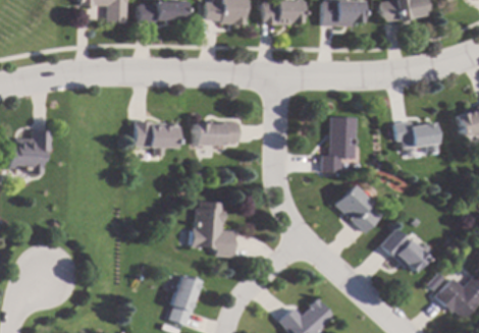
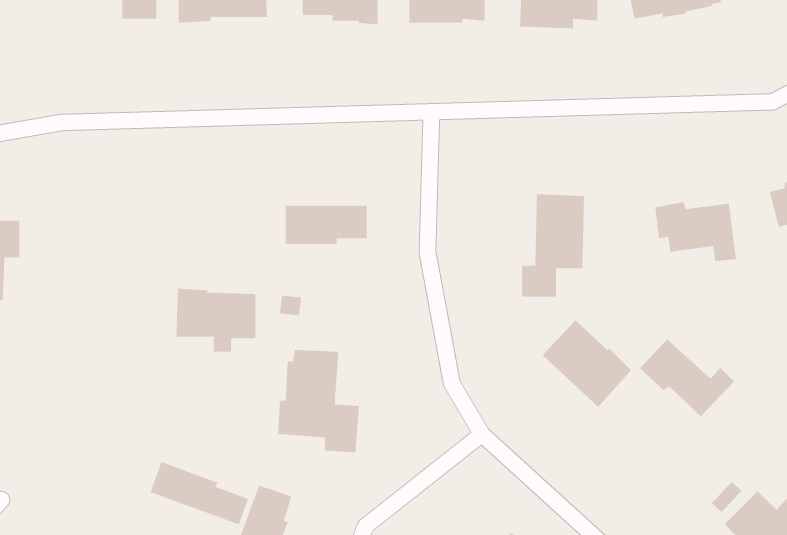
building: [134,120,177,155] -> [175,288,256,352]
building: [379,228,431,271] -> [639,338,735,417]
building: none -> [150,461,249,525]

